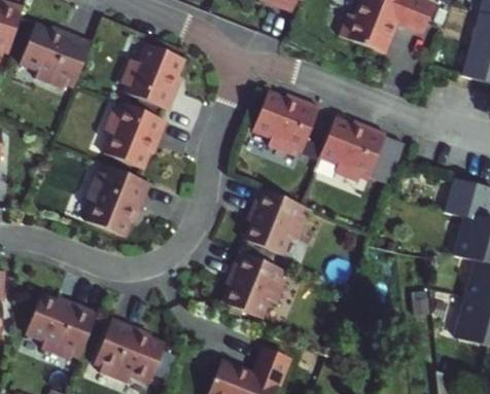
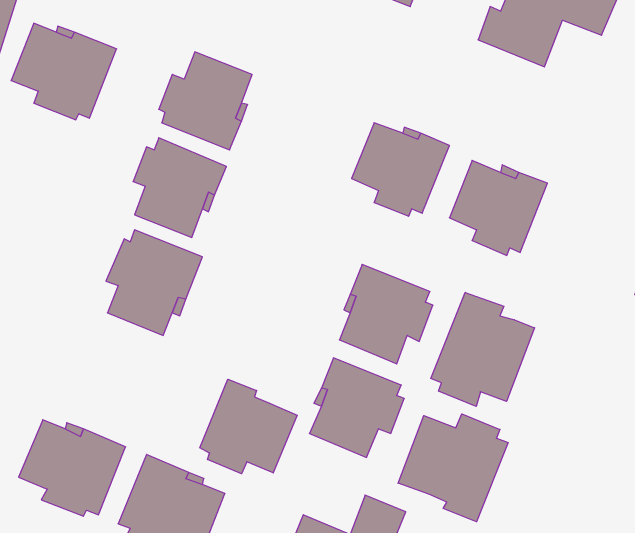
building: none -> [431,292,535,406]
building: none -> [200,379,297,474]
building: none -> [398,414,508,522]

